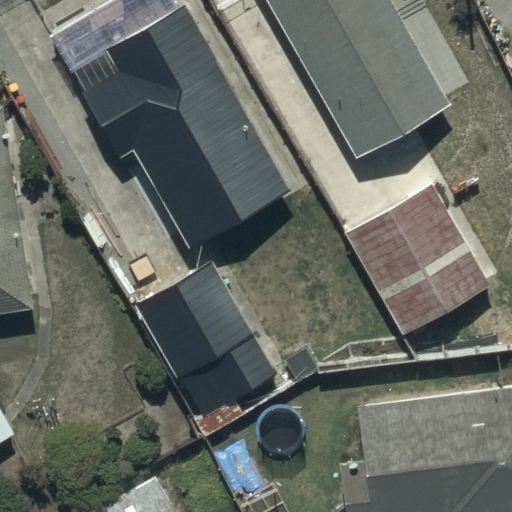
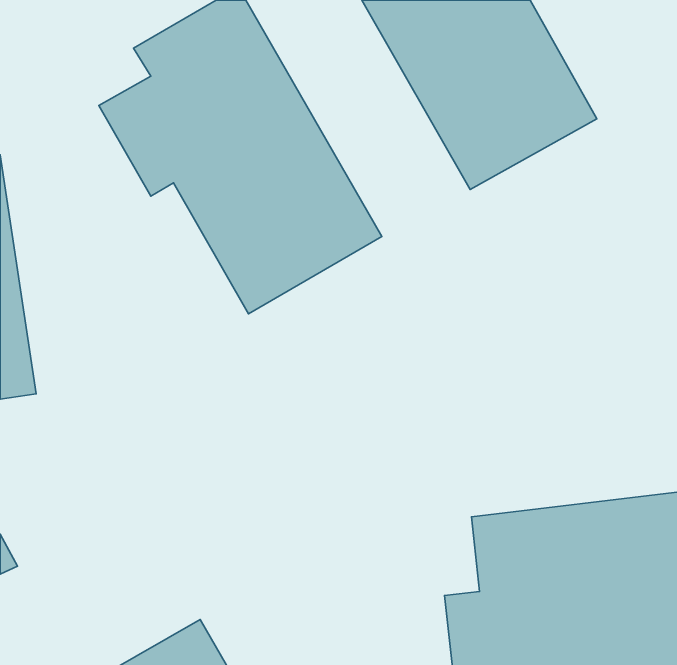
building: [344,186,489,337] -> none
building: [134,259,281,421] -> none

